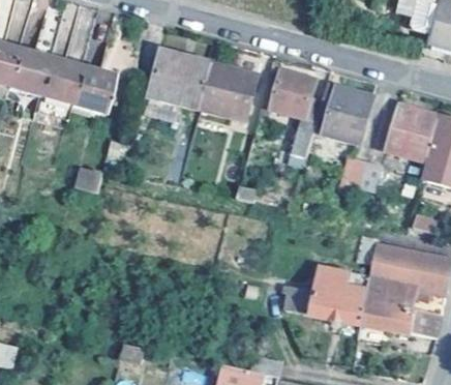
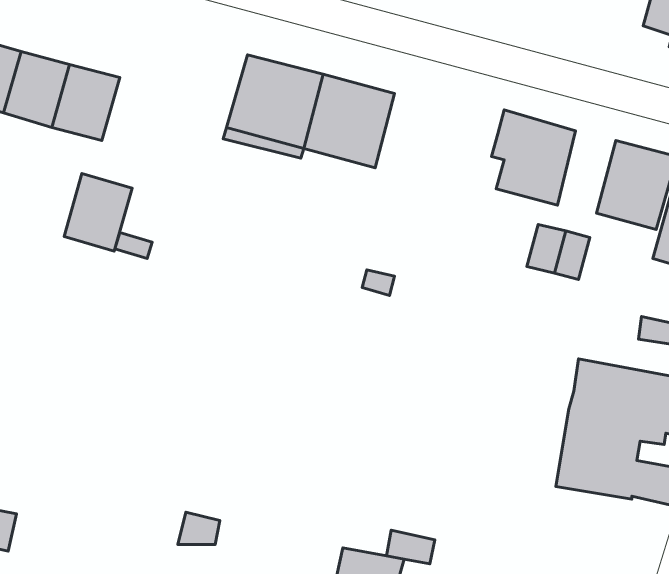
building: [69,63,113,113] -> [64,174,132,251]
building: [270,69,323,166] -> none
building: [281,266,368,325] -> none

